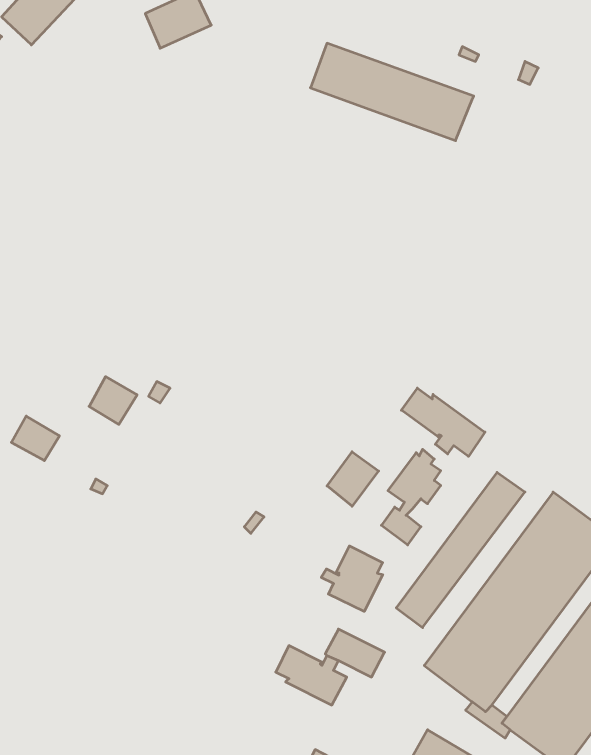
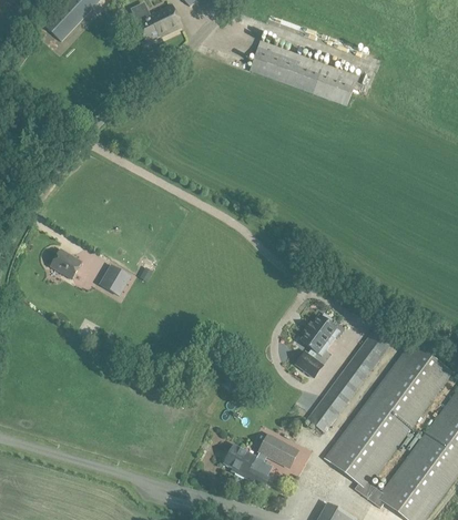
building: [401,388,485,456] -> none
building: [11,416,59,461] -> [49,248,81,278]
building: [327,452,379,506] -> none
building: [321,546,383,611] -> none

